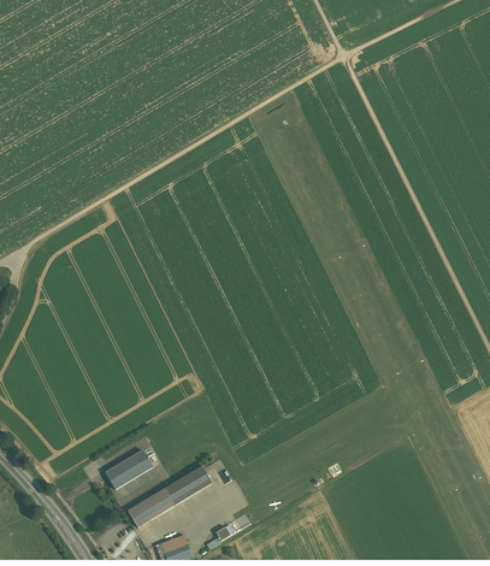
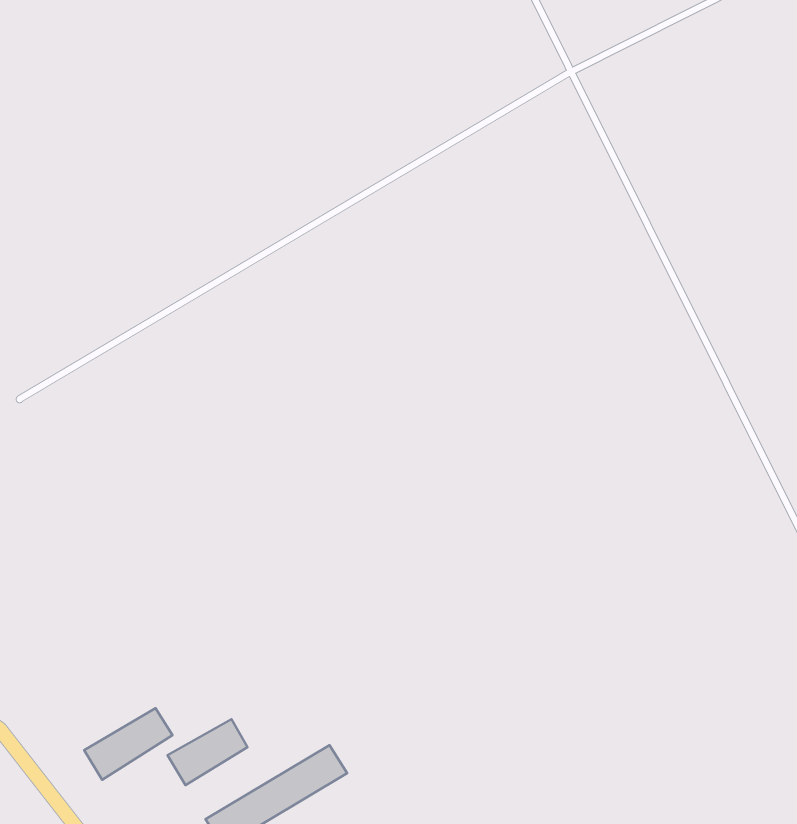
building: none -> [84,708,173,780]

